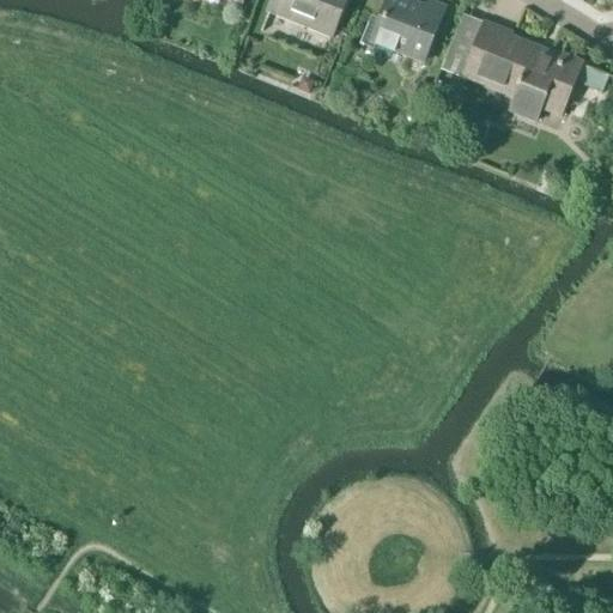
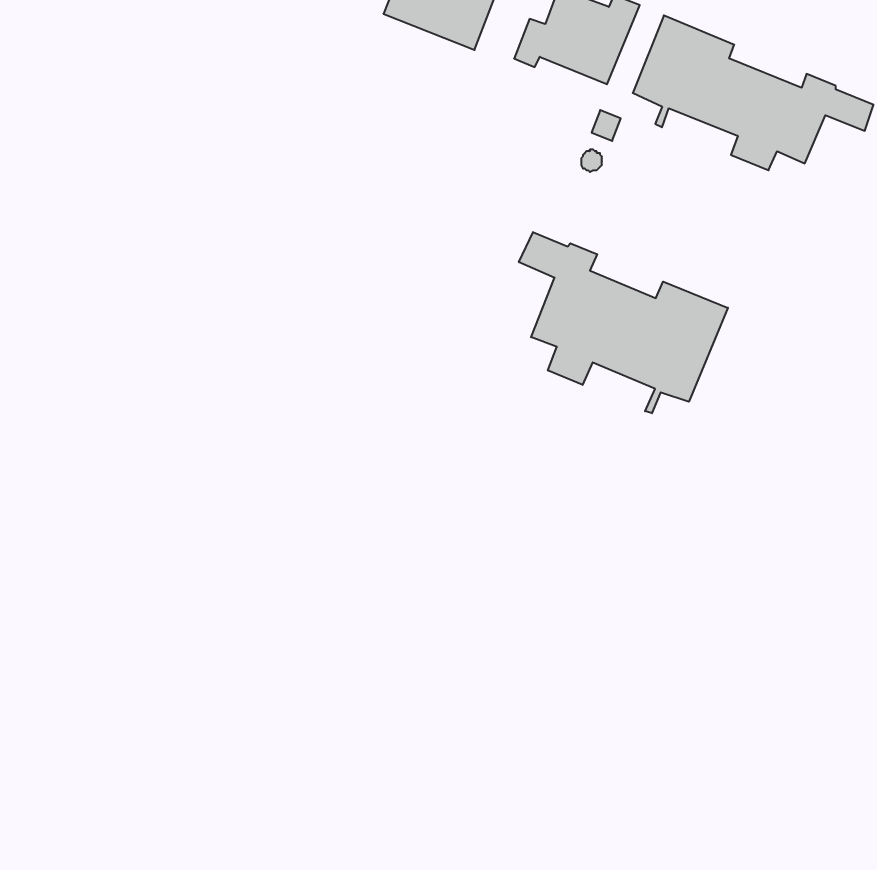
building: none -> [519,232,728,413]

